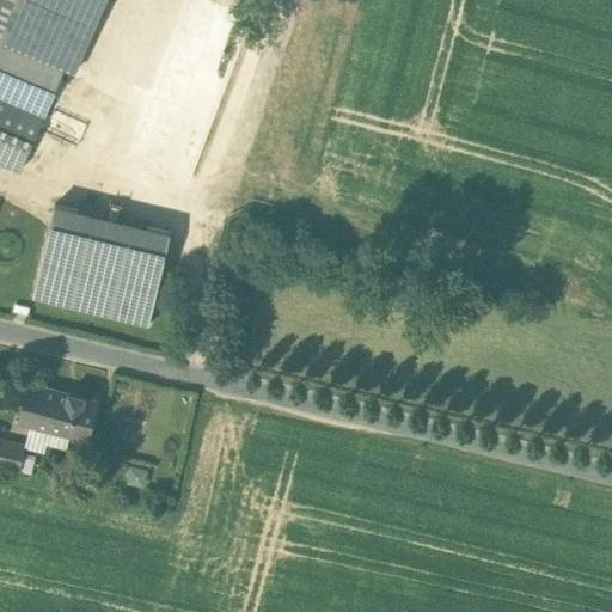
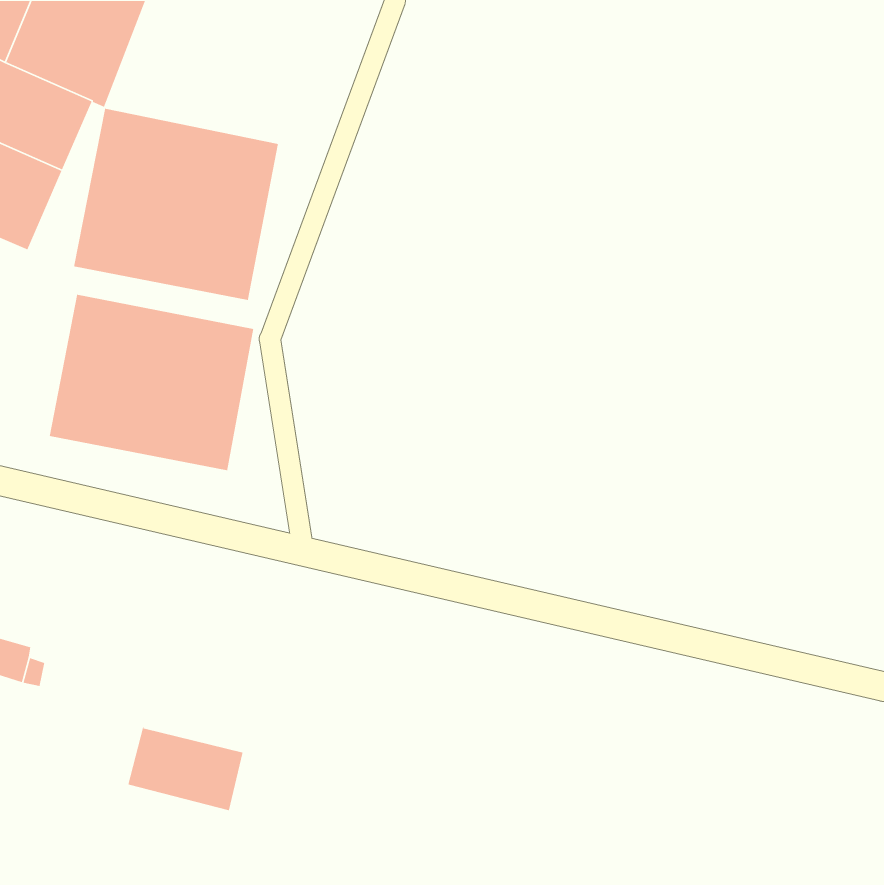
building: none -> [73,108,279,301]
building: [14,384,94,442] -> [127,726,243,811]

